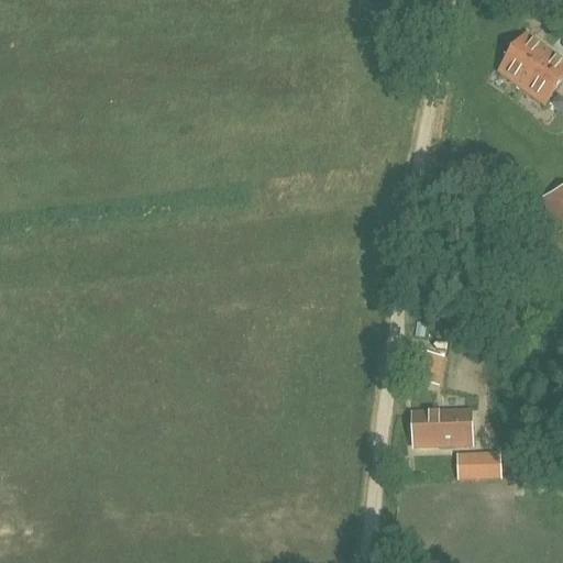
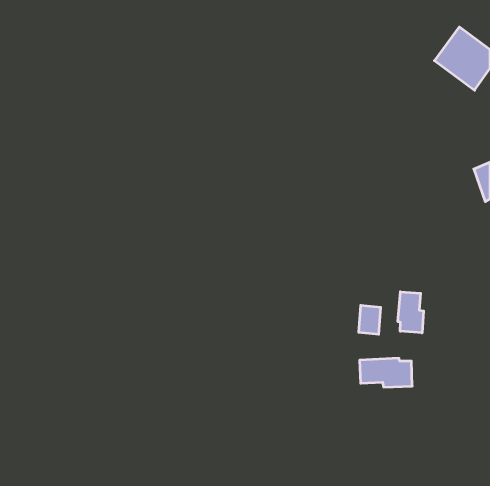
building: none -> [398,292,424,333]
building: [456,450,501,478] -> none

